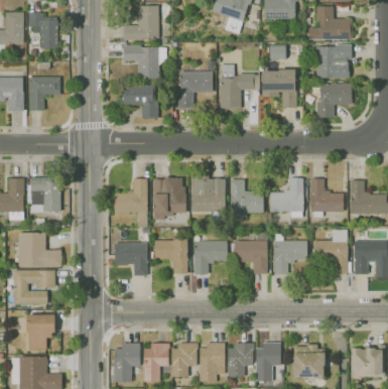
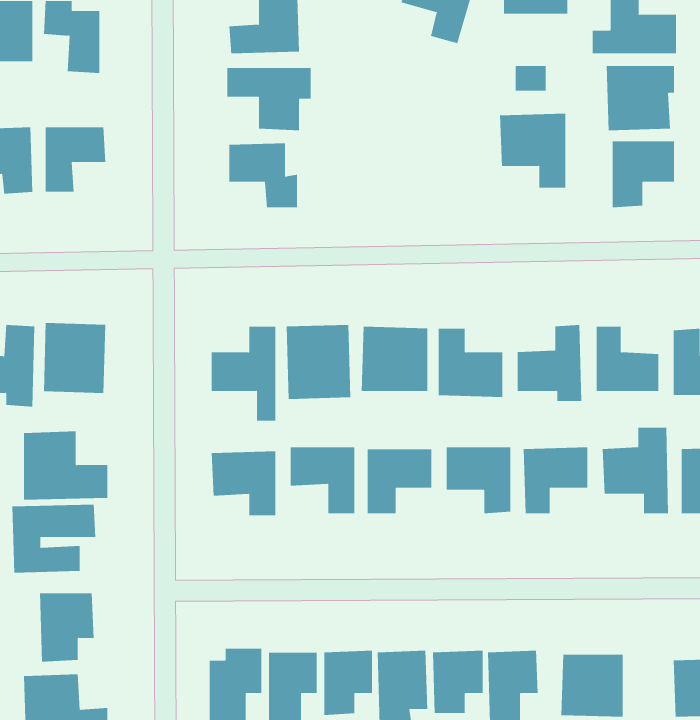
building: [220,64,259,109] -> none
building: [177,71,213,108] -> none

